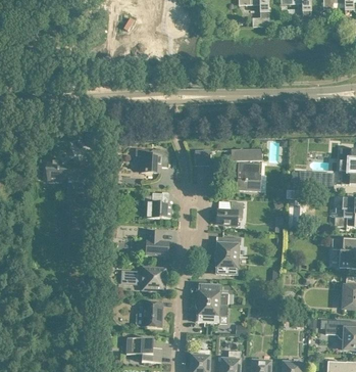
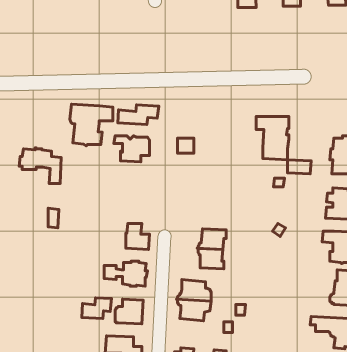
building: none -> [70,104,113,146]
building: none -> [118,105,159,125]
building: [231,149,261,190] -> [256,116,289,160]
building: [144,192,172,219] -> none
building: [216,201,243,225] -> none
building: none -> [82,298,111,319]

